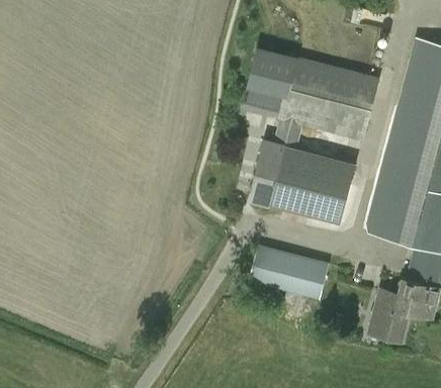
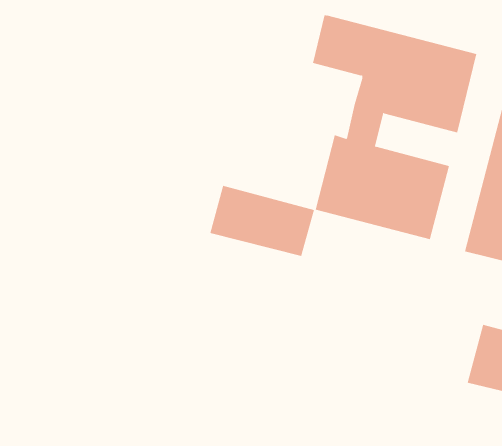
building: [242,85,286,117] -> none
building: [248,245,330,300] -> [210,185,315,257]

